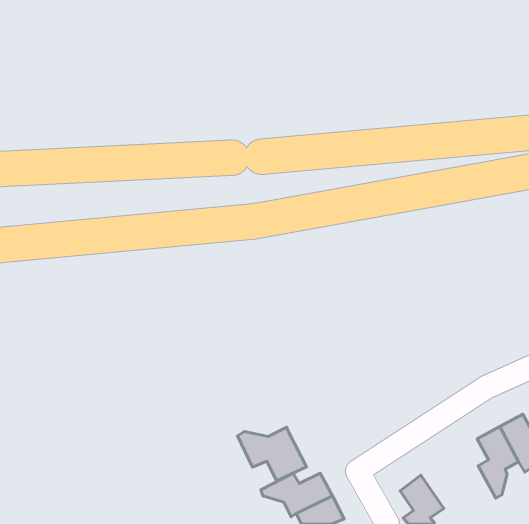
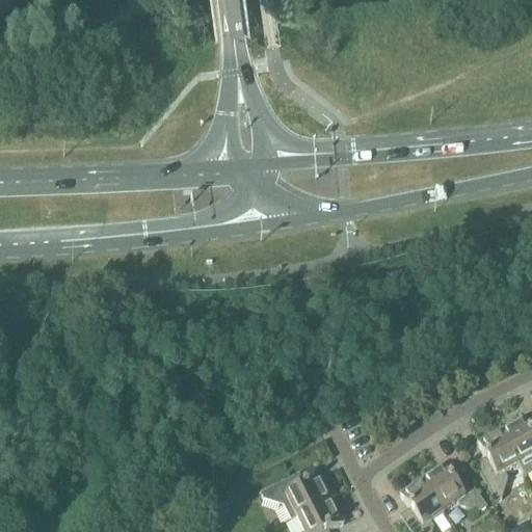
building: [238,427,307,481] -> none
building: none -> [423,461,489,509]

